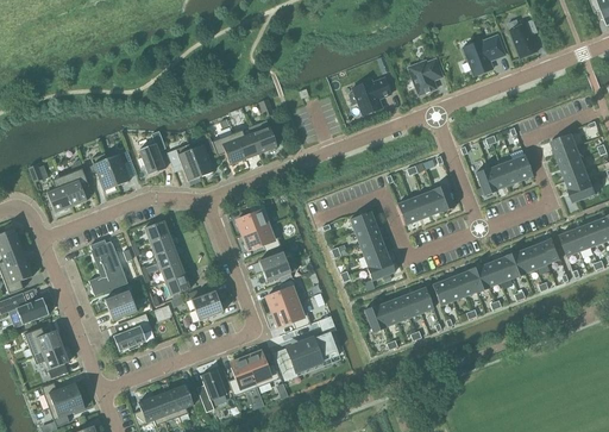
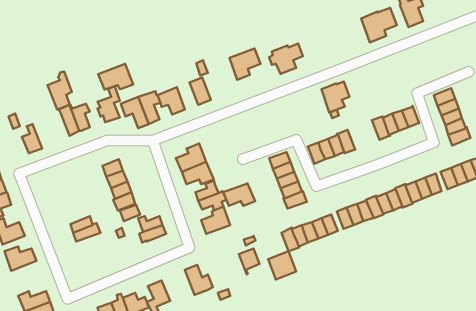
building: [408,57,442,95] -> [321,81,350,112]
building: none -> [230,48,261,80]
building: none -> [98,64,133,90]
building: [236,125,262,158] -> none
building: [58,159,88,206] -> [48,72,72,109]
building: [89,239,127,294] -> none
building: [271,300,310,327] -> [223,184,255,206]
building: [113,313,151,350] -> none
building: [287,336,321,370] -> [268,251,296,279]
building: [32,344,69,377] -> none
building: [228,355,257,394] -> none

